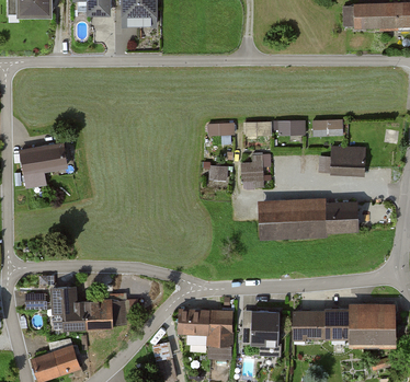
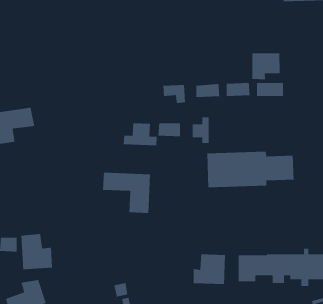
building: none -> [252,53,280,80]
building: [330,148,364,175] -> none
building: none -> [123,122,157,146]
building: [86,300,126,326] -> none
building: [179,310,234,357] -> [102,172,151,214]

